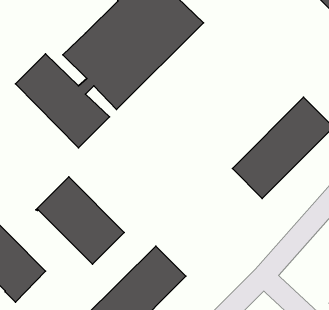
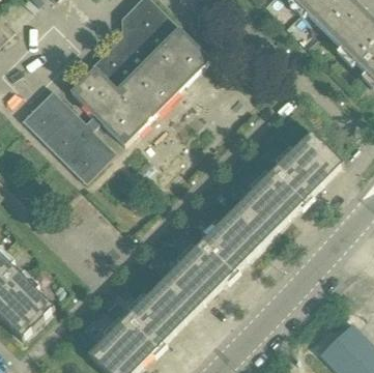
building: none -> [162,204,268,312]
building: [36,177,124,264] -> none

